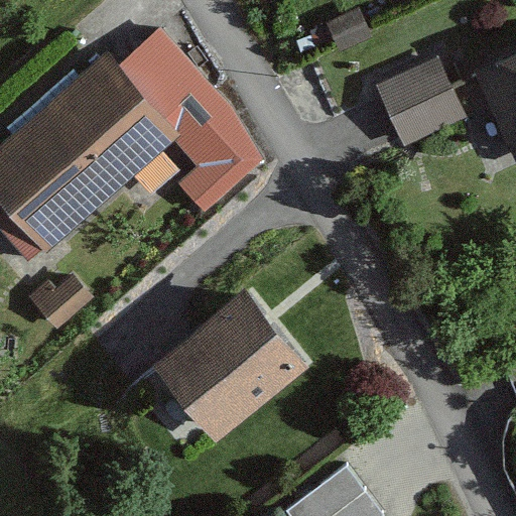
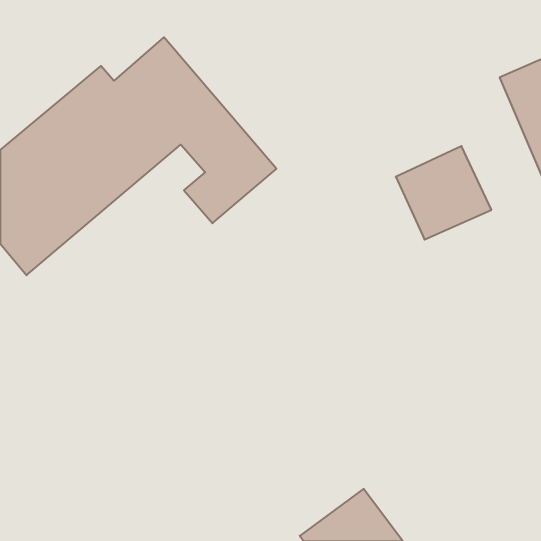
building: [378,55,469,144] -> [396,146,491,240]
building: [154,293,305,441] -> none

